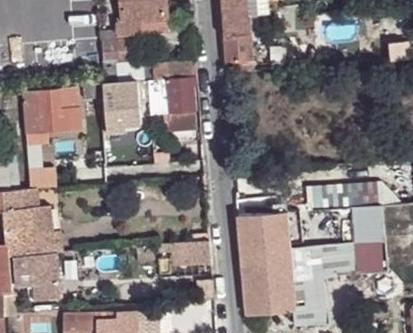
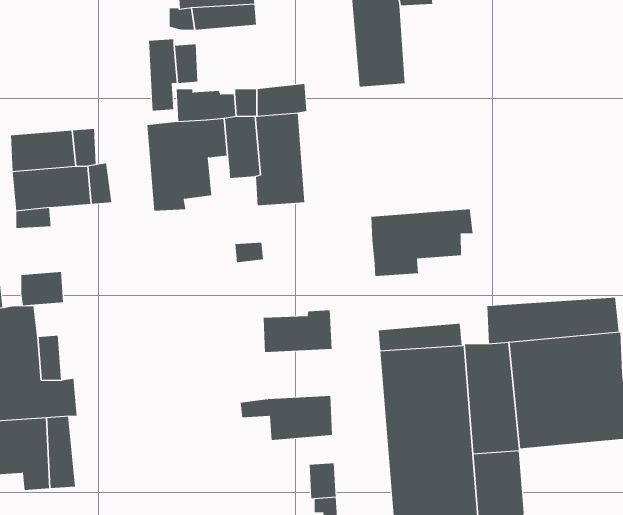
building: none -> [371,208,473,277]
building: none -> [263,309,332,353]

